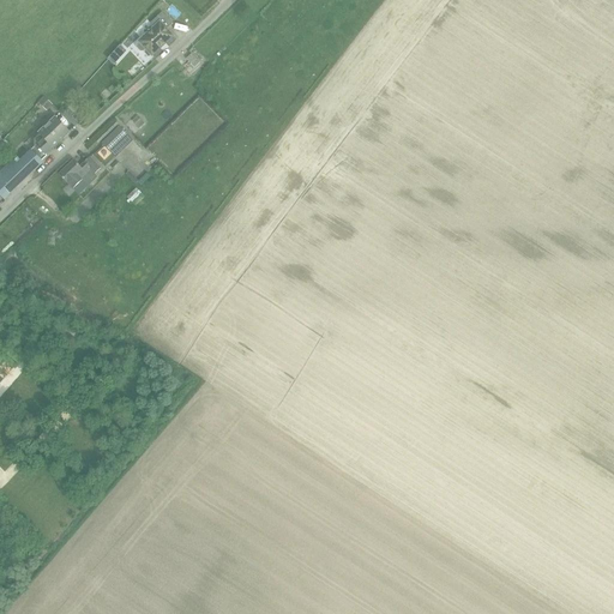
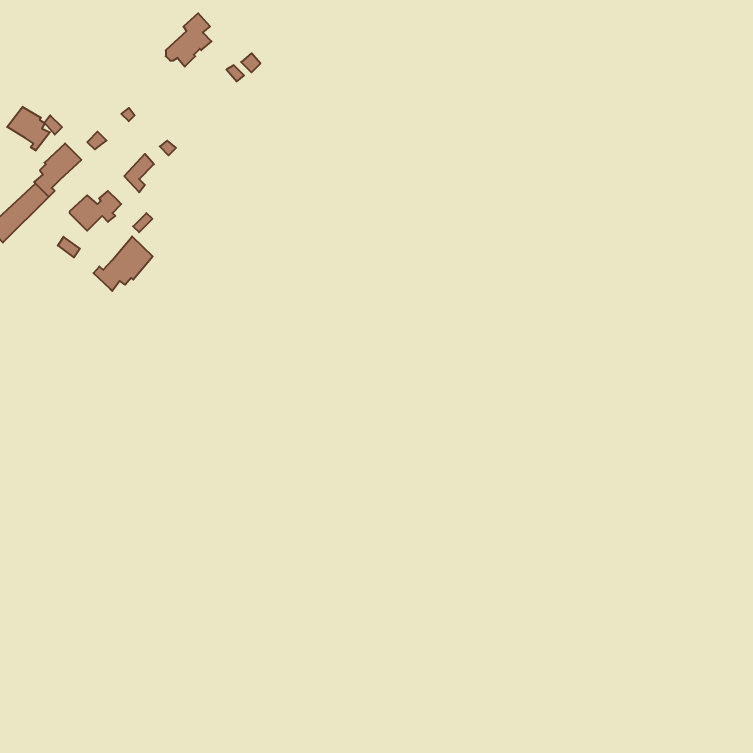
building: none -> [7,107,50,151]
building: none -> [93,236,153,291]

